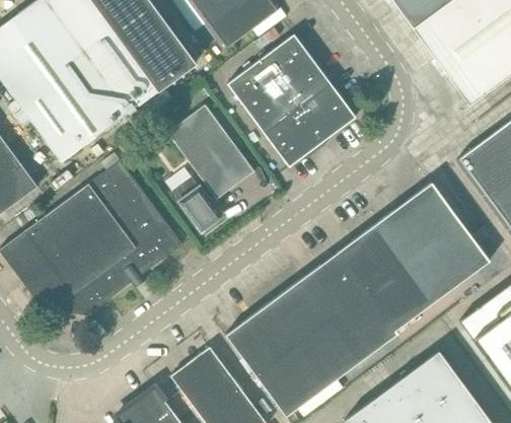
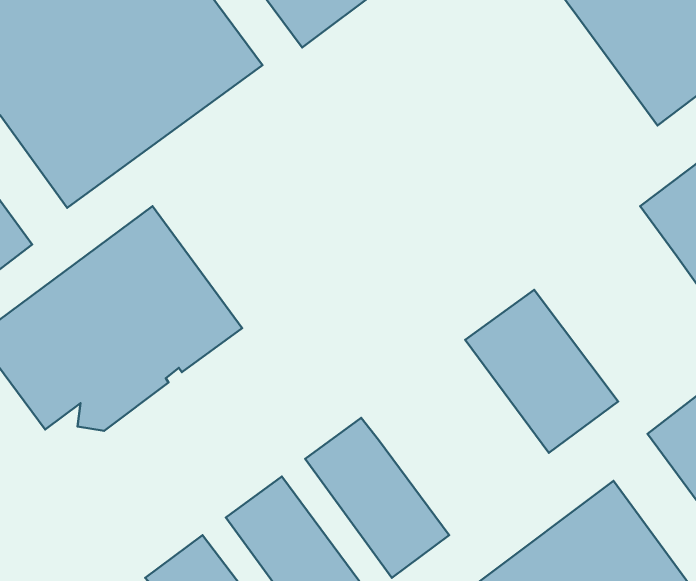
building: [228,34,356,166] -> none
building: [168,104,254,199] -> none
building: [172,177,221,231] -> none
building: [384,183,489,295] -> none
building: [265,253,397,387] -> none

